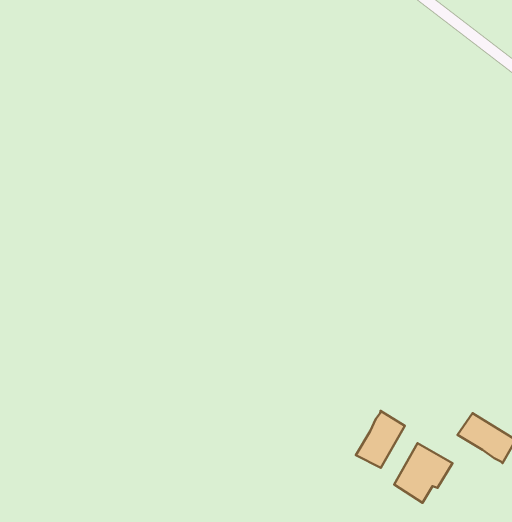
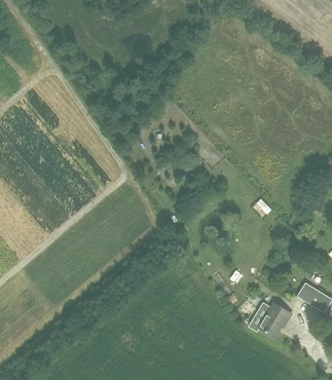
building: [356,411,405,468] -> none

